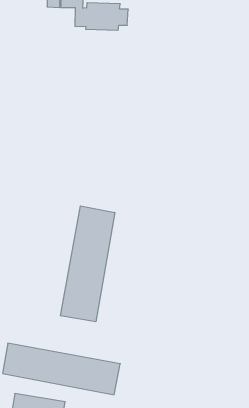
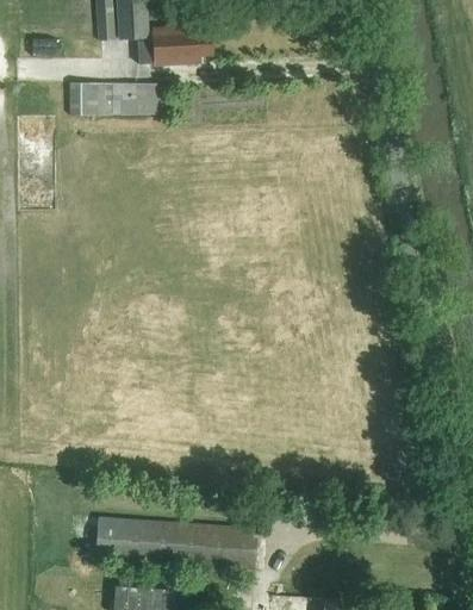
building: none -> [69,82,157,116]
building: [60,206,115,322] -> none

